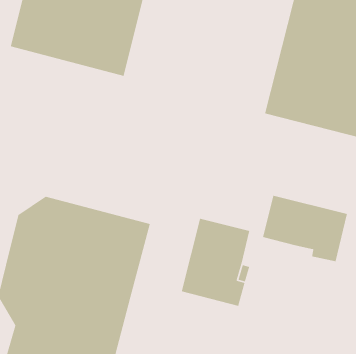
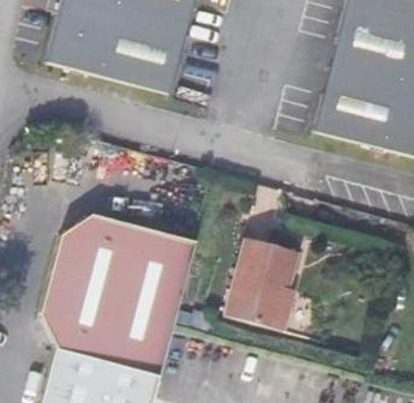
building: [262,195,348,262] -> none

